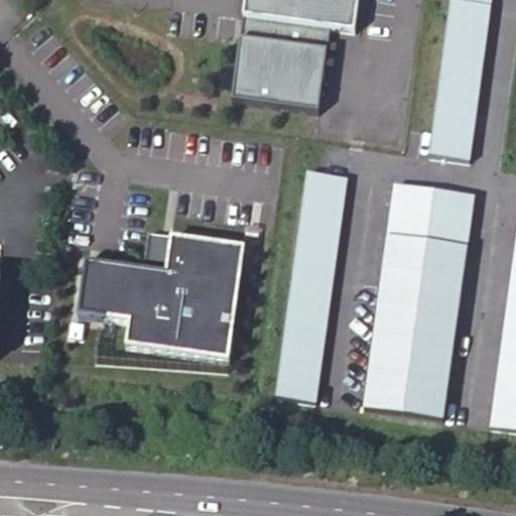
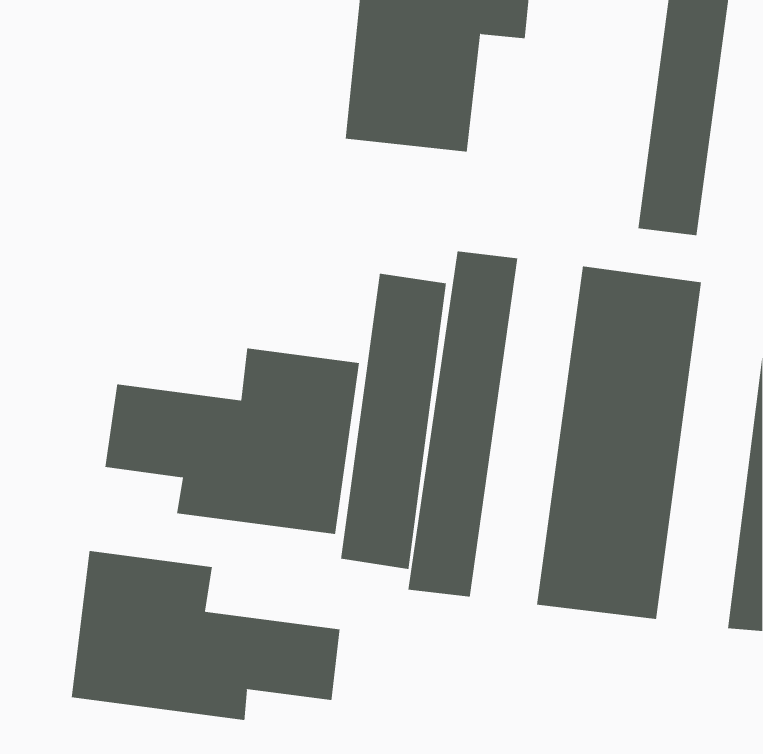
building: none -> [340,273,446,570]
building: none -> [71,550,340,721]

